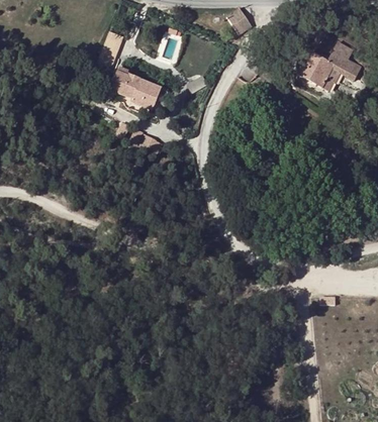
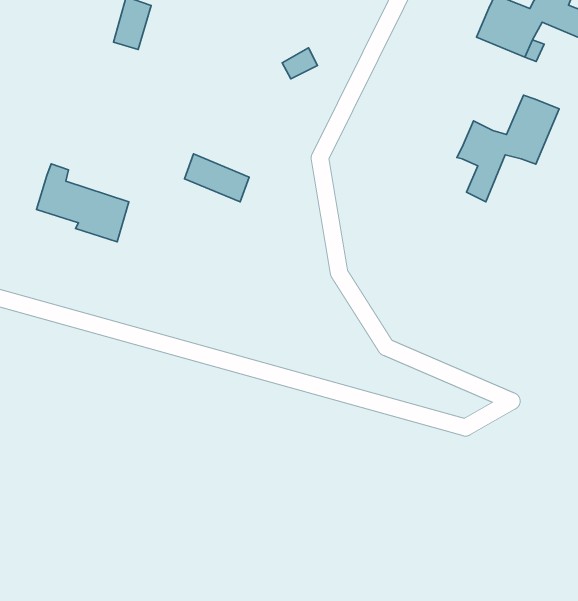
building: [110,65,161,110] -> [37,164,129,242]
building: none -> [457,95,559,202]

